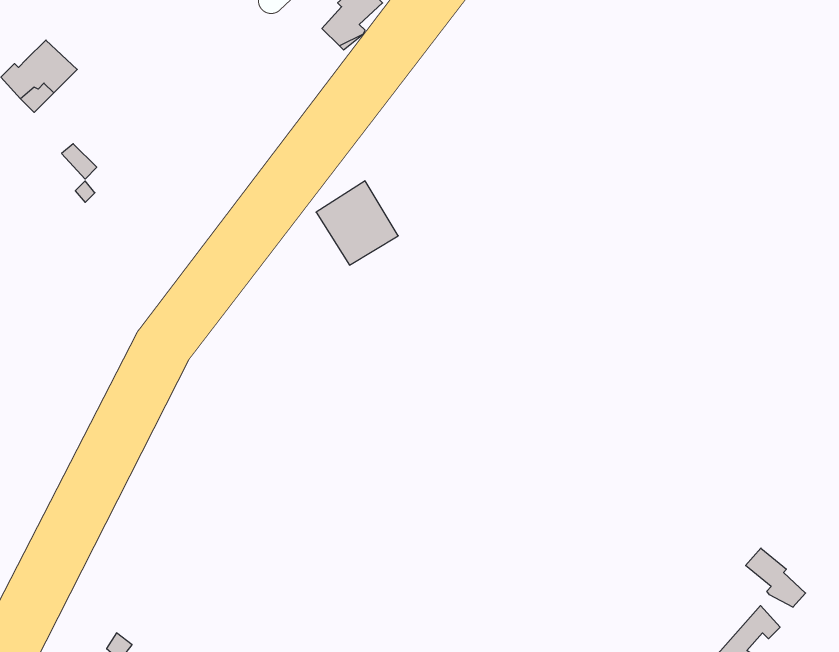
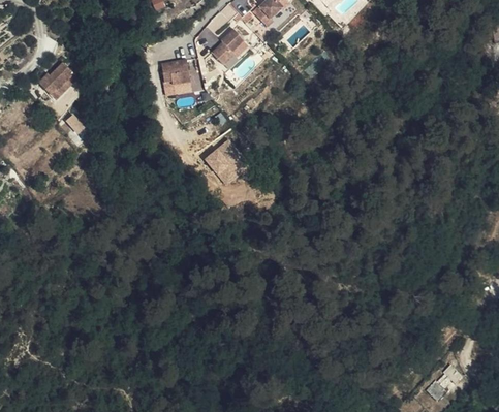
building: none -> [161,62,190,87]
building: [746,548,806,607] -> none

